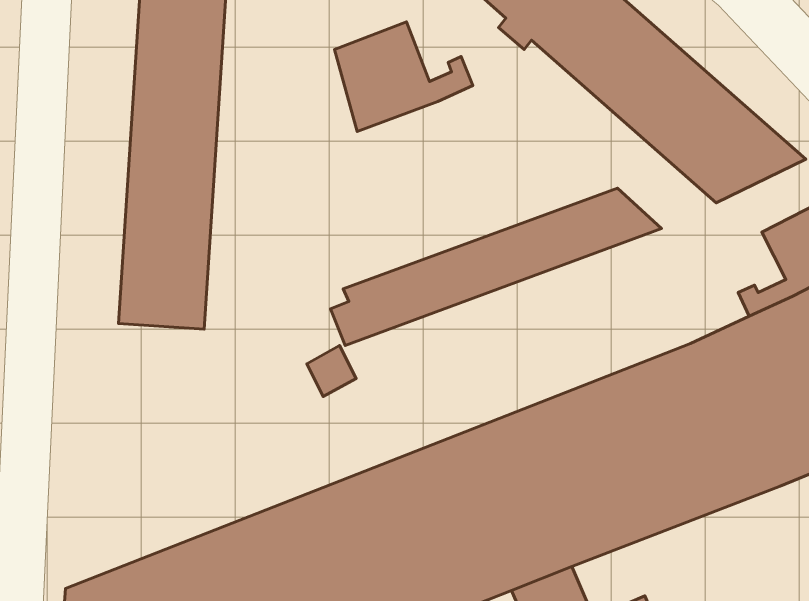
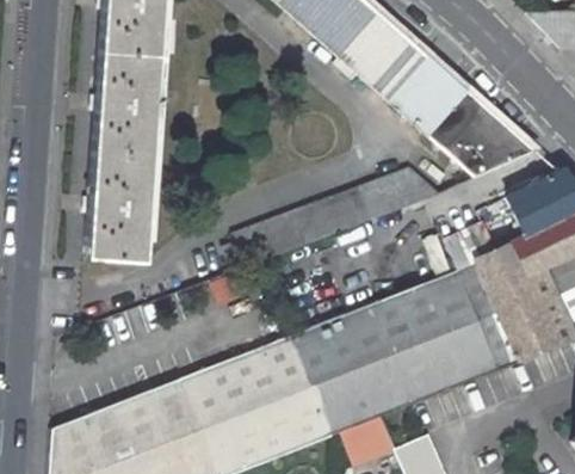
building: [334,22,473,131] -> none

